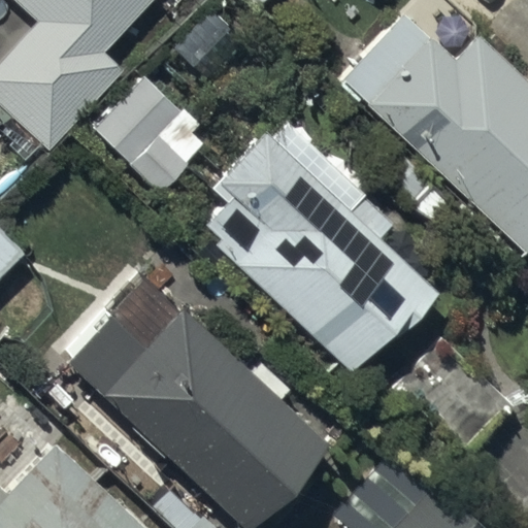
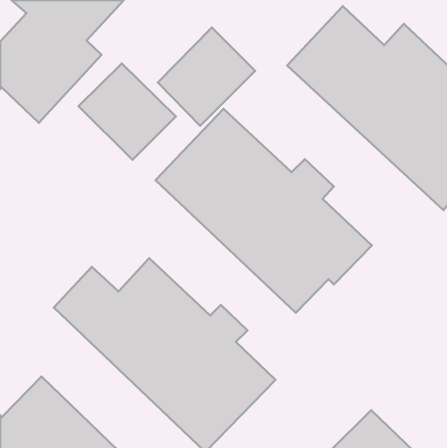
building: none -> [158,28,255,126]

